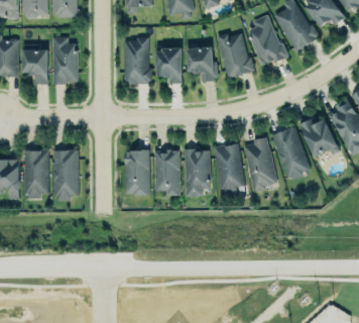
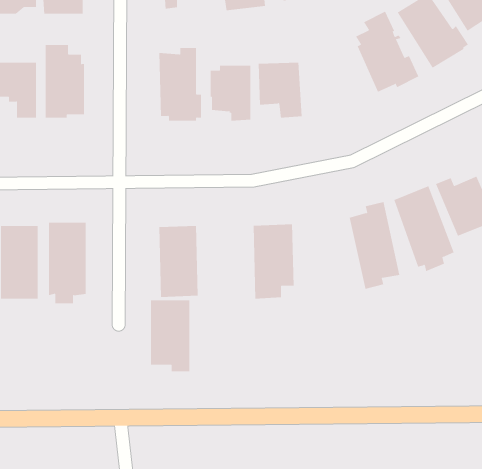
building: [217,31,252,79] -> none
building: [214,142,244,193] -> none
building: [154,148,179,194] -> [150,300,190,372]

